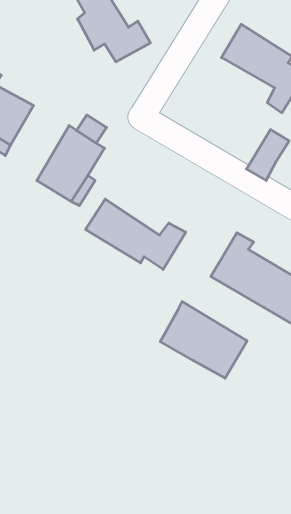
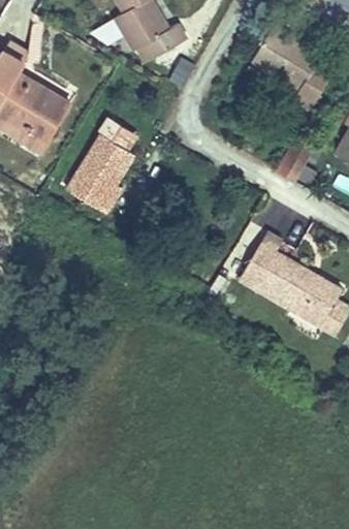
building: [86,199,186,270] -> none
building: [160,302,247,378] -> none

